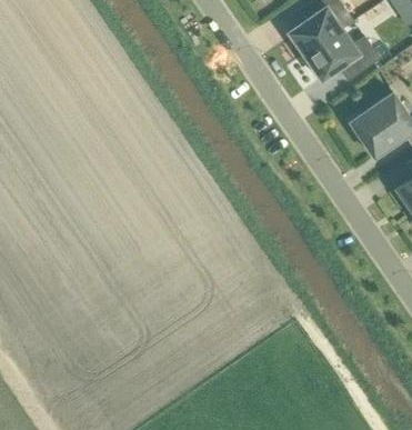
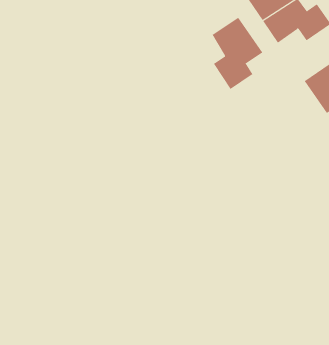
building: none -> [212,17,263,90]

